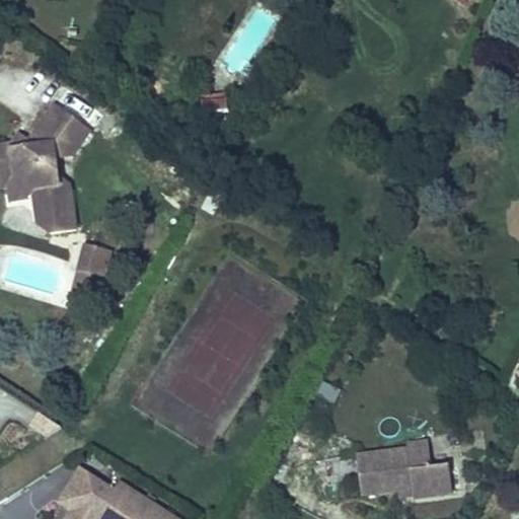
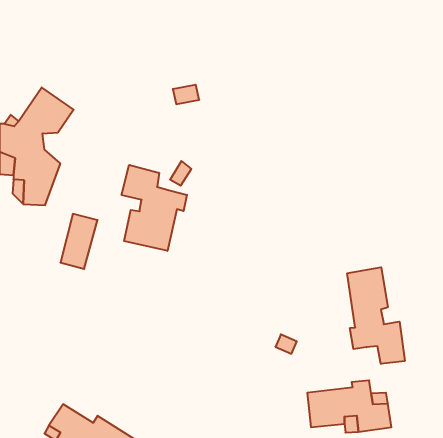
building: none -> [122,165,187,251]
building: none -> [347,267,405,364]

